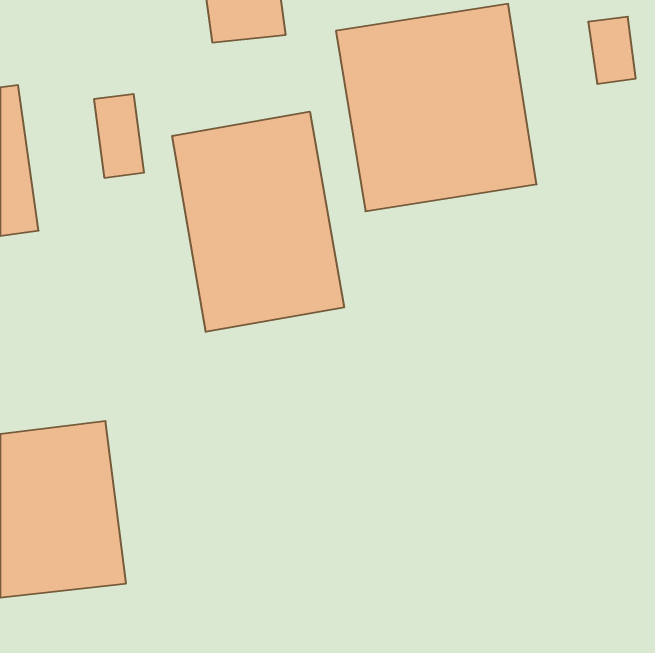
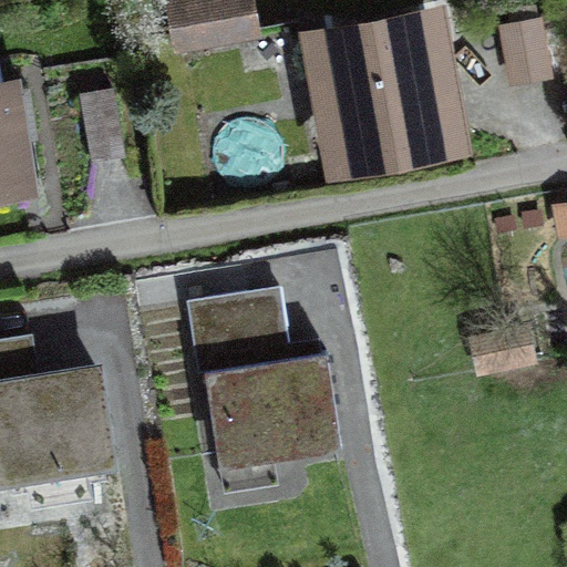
building: [172,112,344,332] -> none
building: none -> [192,302,348,493]

